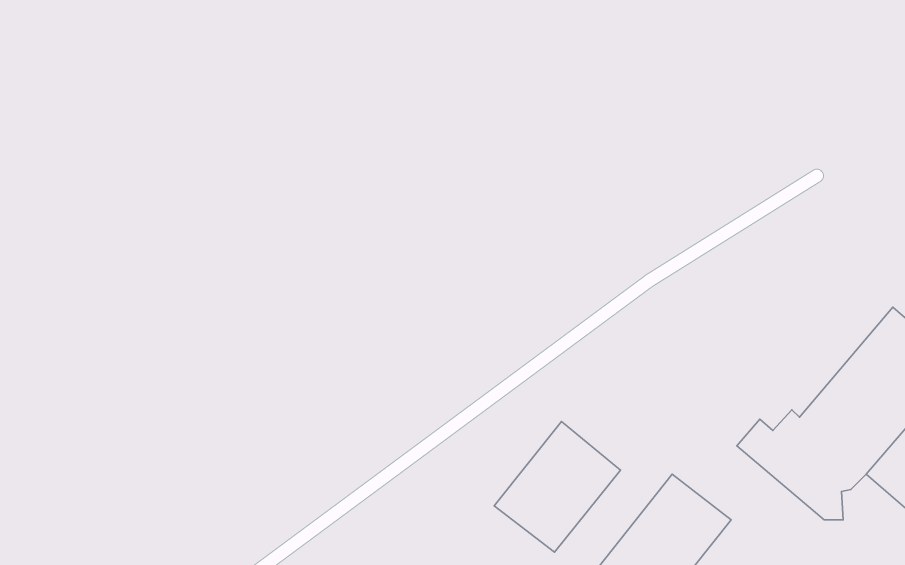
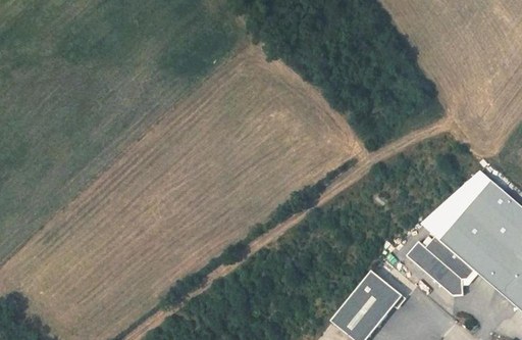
building: none -> [422,173,490,240]
building: [494,422,620,552] -> none

